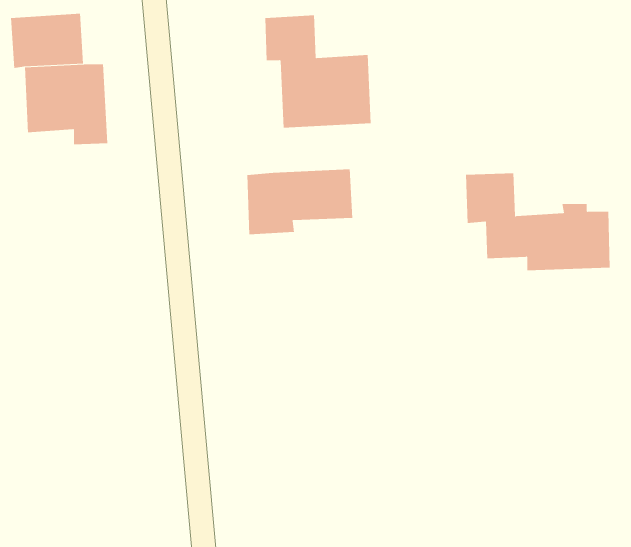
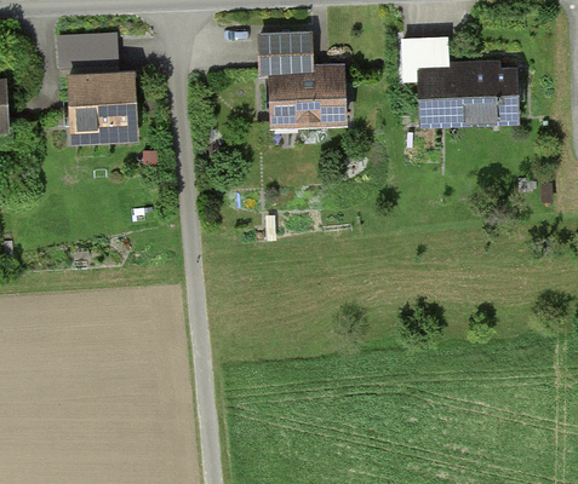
building: [247,169,353,235] -> none
building: [465,173,611,271] -> [402,38,517,115]

